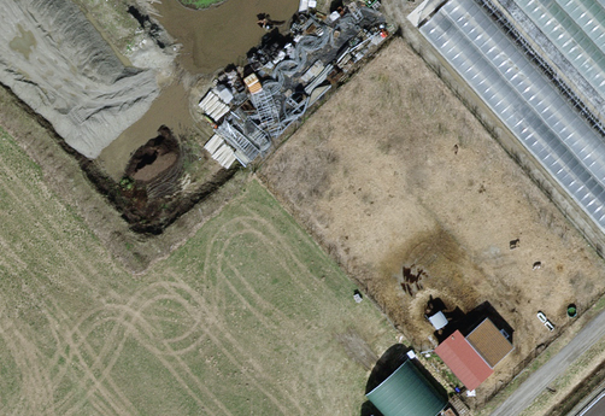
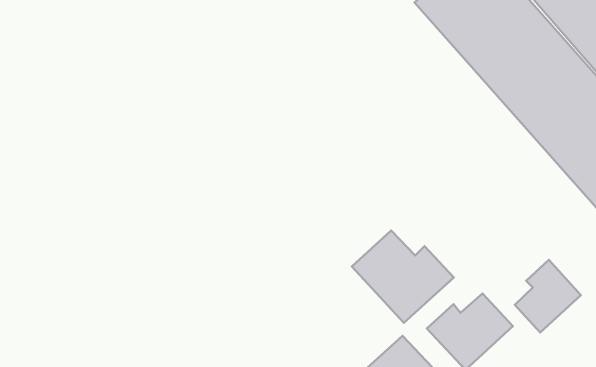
building: none -> [352,230,454,323]
building: none -> [515,260,581,333]

